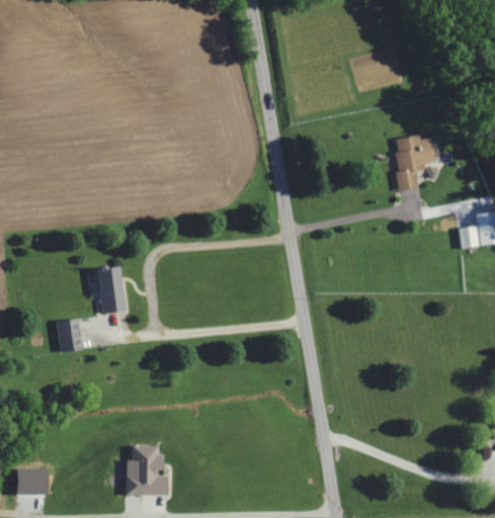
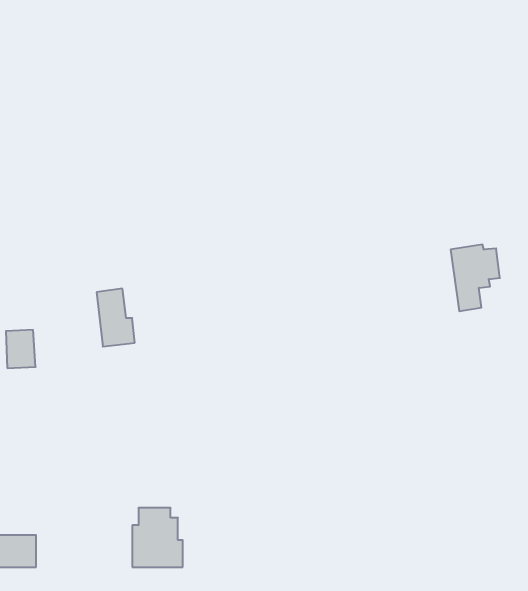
building: [394,135,434,189] -> [451,245,500,311]
building: [58,320,82,351] -> [6,330,36,368]

